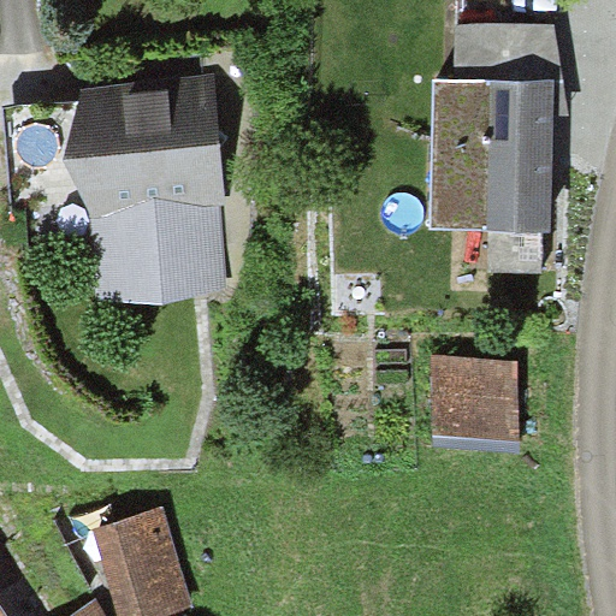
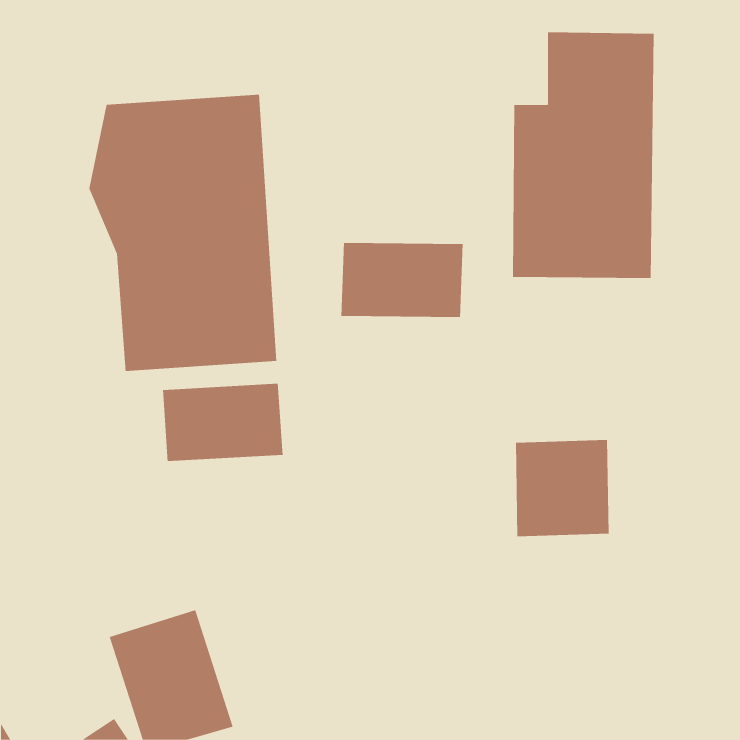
building: none -> [341,242,463,318]
building: none -> [162,383,283,462]

